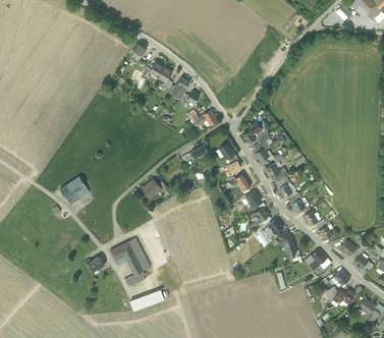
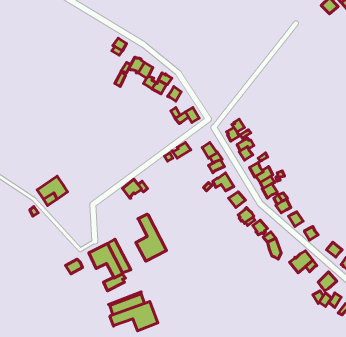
building: none -> [136,214,166,261]
building: none -> [110,301,158,331]

